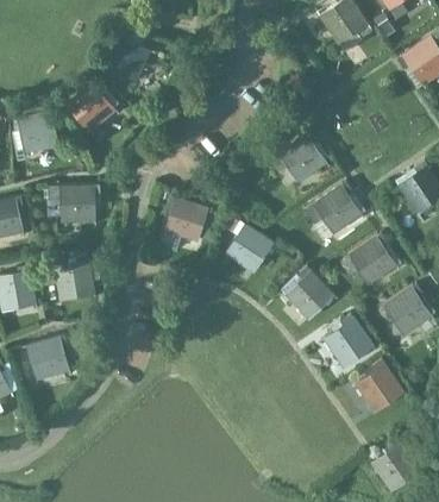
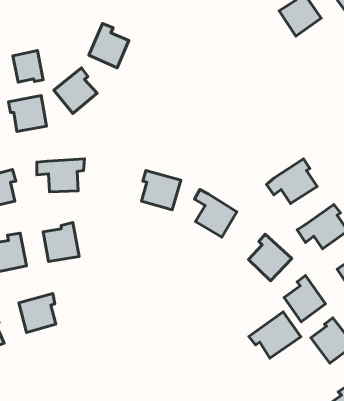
building: none -> [13,51,43,82]
building: [271,132,327,184] -> none
building: none -> [249,312,301,358]

